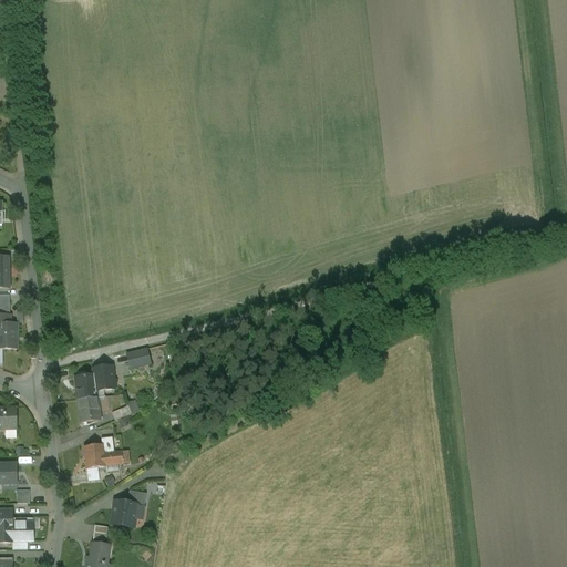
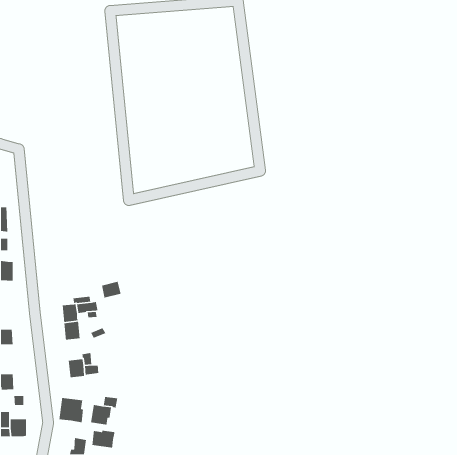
building: none -> [58,397,84,423]
building: none -> [91,430,115,449]

